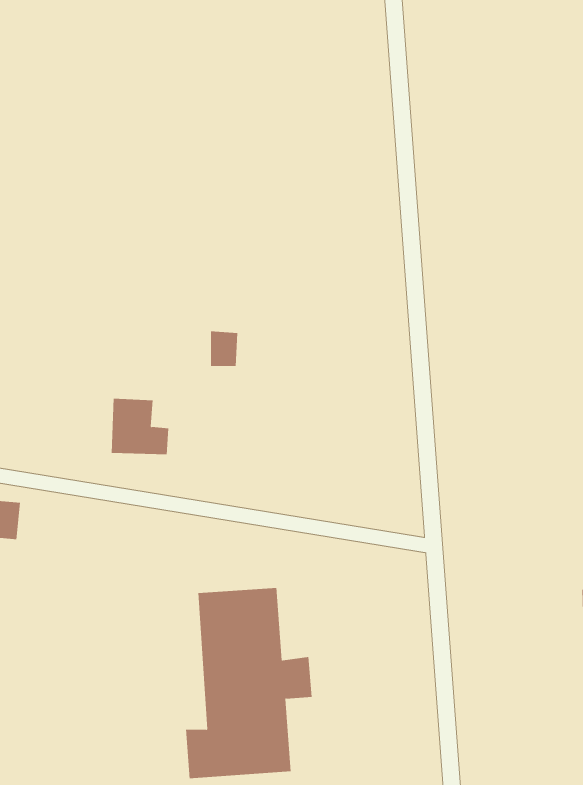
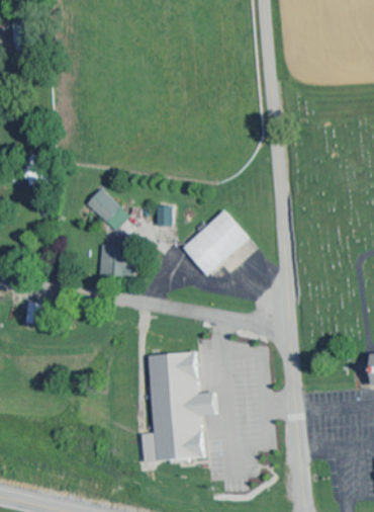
building: none -> [87,188,130,231]
building: none -> [182,210,250,275]

